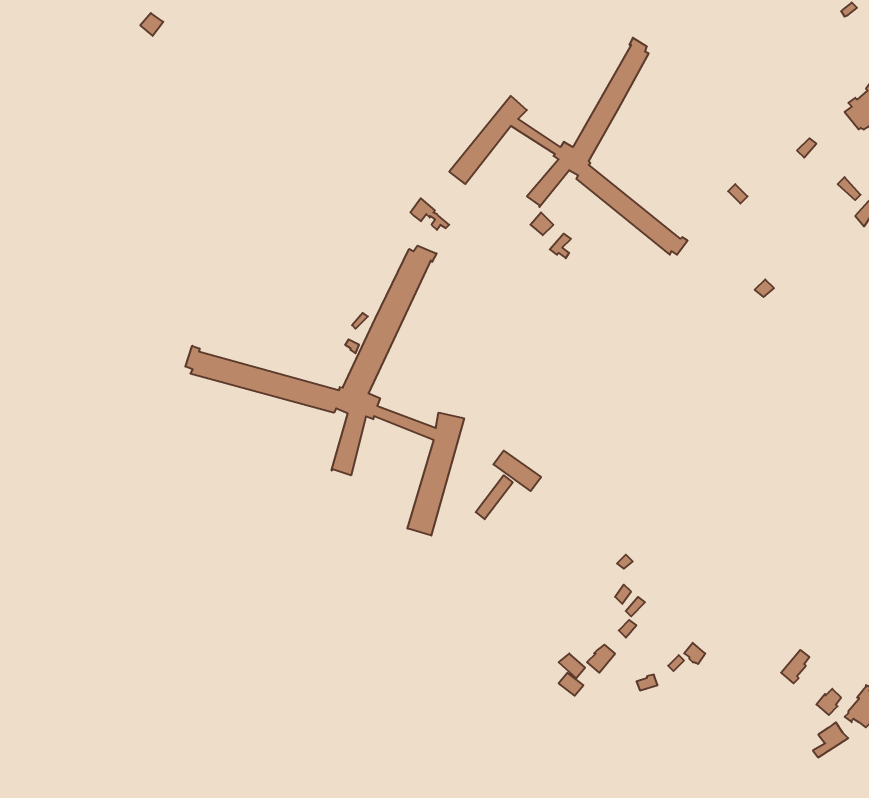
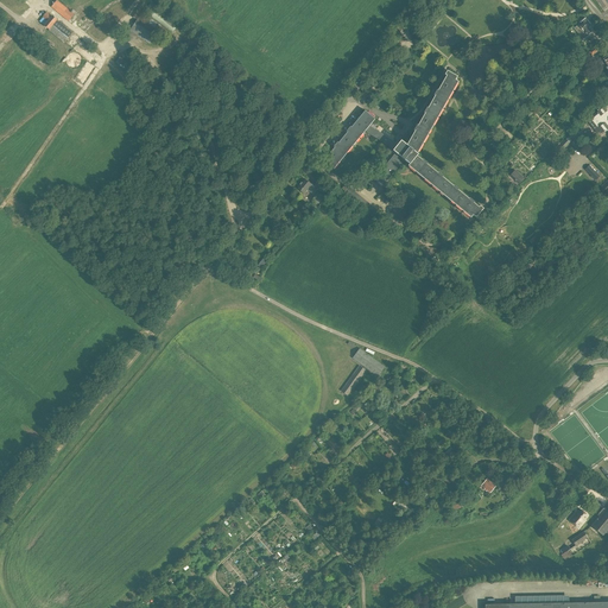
building: [185,246,464,536] -> none

